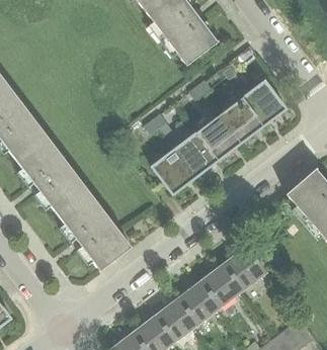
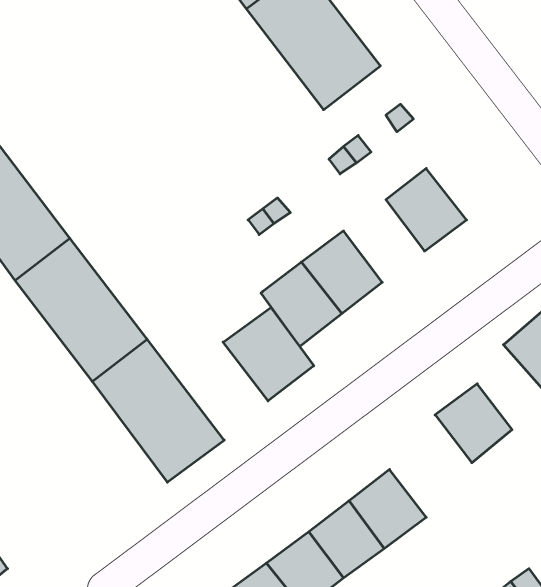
building: [244,79,289,125] -> none
building: [198,114,243,160] -> none
building: none -> [223,308,314,401]
building: [224,246,266,289] -> [435,384,512,463]

